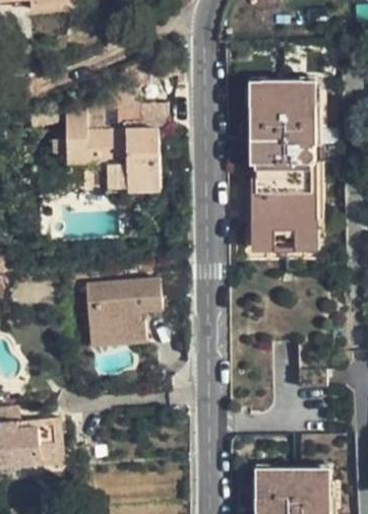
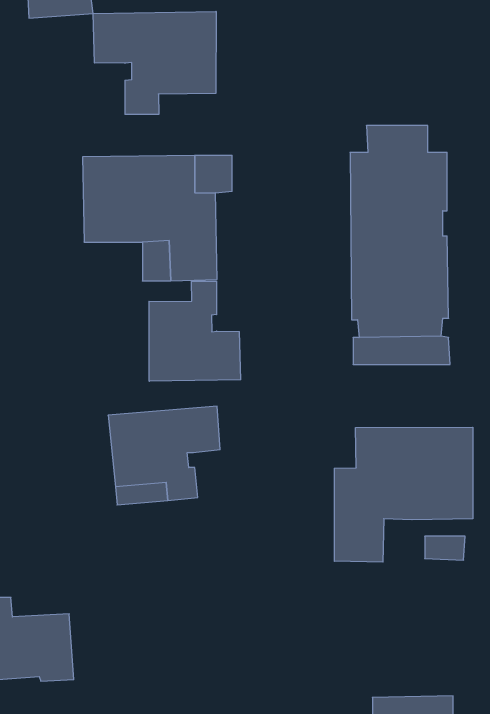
building: none -> [93,11,216,114]
building: none -> [149,281,241,381]
building: none -> [334,427,473,562]

